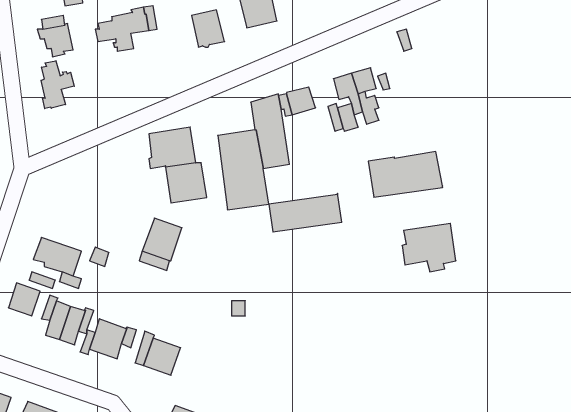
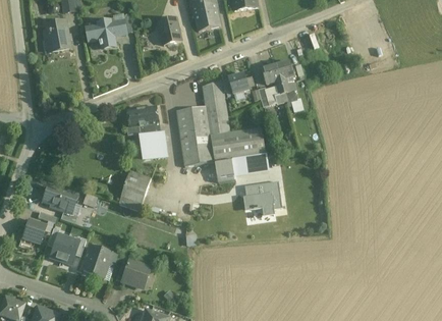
building: [41,61,74,109] -> none
building: [368,152,443,197] -> [210,127,265,161]
building: [402,223,456,272] -> [242,180,282,216]

